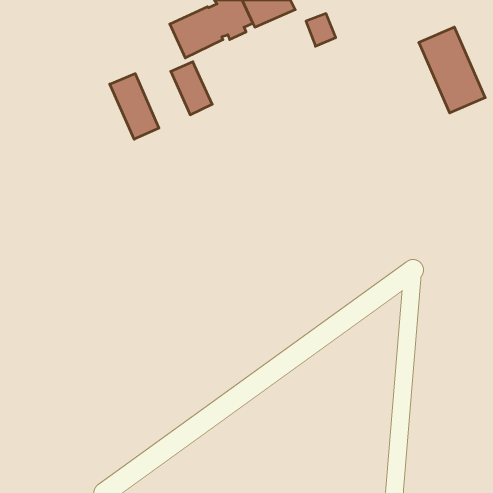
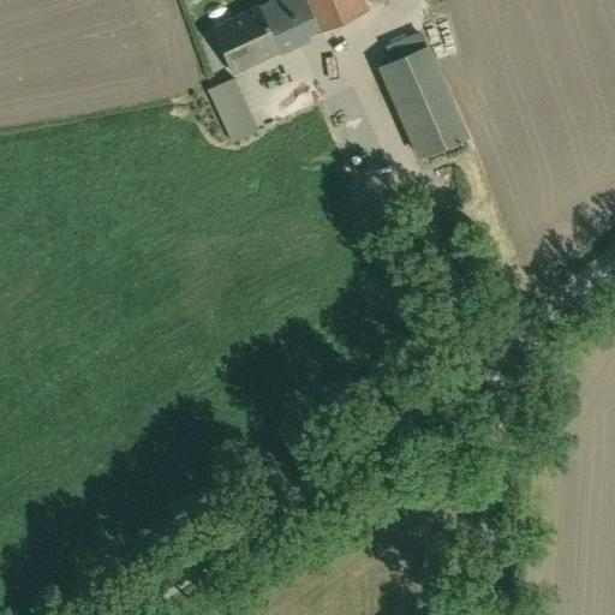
building: [419,27,485,113] -> [381,49,464,156]
building: [110,74,159,139] -> none

